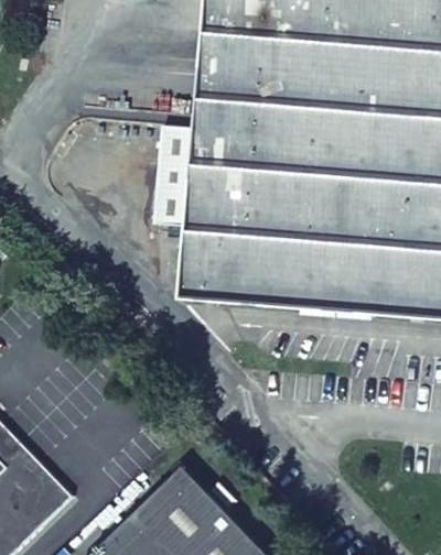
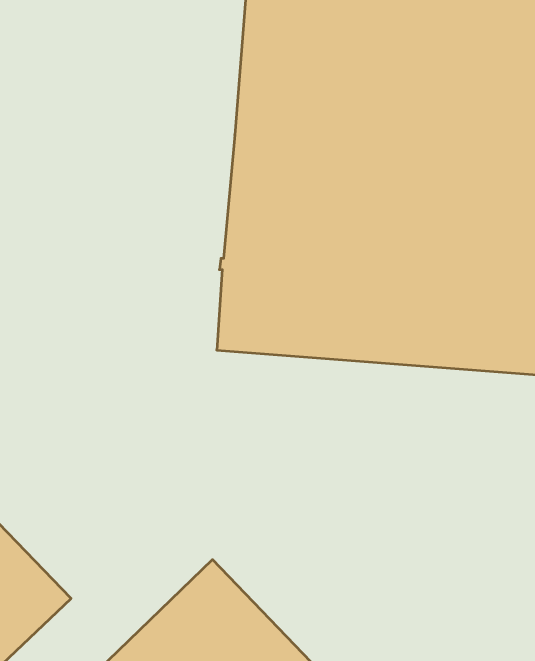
building: [154,124,201,226] -> none

